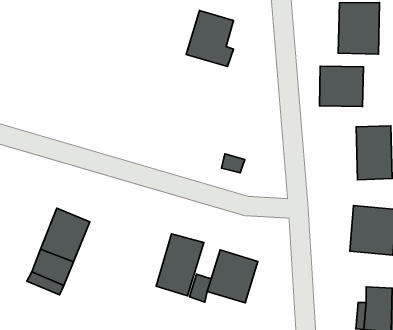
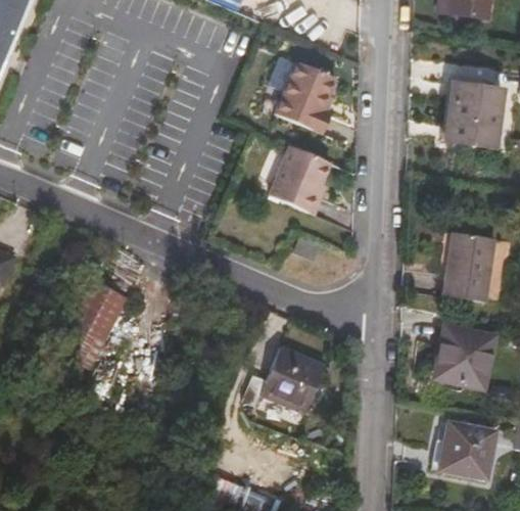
building: [319,66,363,107] -> none
building: none -> [265,150,324,217]
building: [156,234,204,296] -> none

